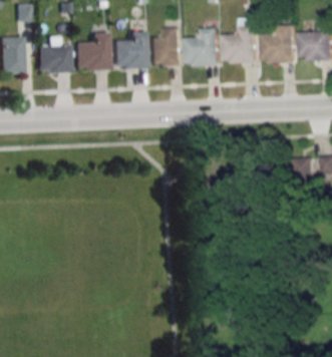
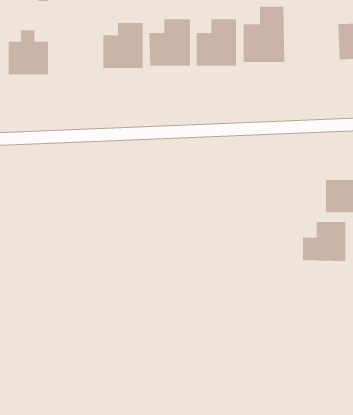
building: [267,25,300,62] -> none
building: [77,31,110,69] -> none
building: none -> [303,221,346,262]

